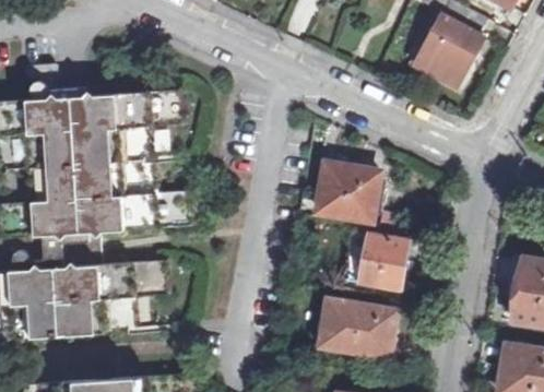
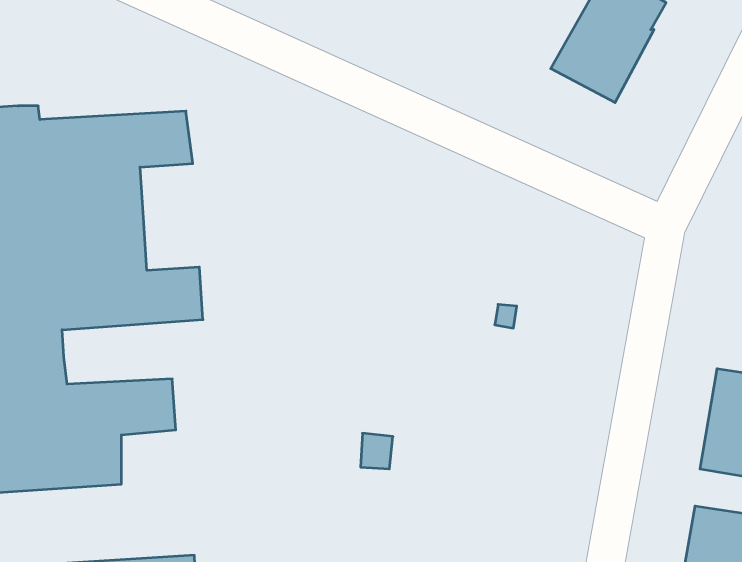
building: [314,163,376,221] -> none
building: [359,235,405,289] -> none
building: [318,300,383,357] -> none

